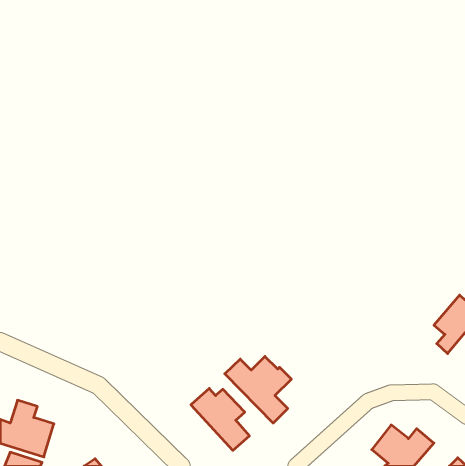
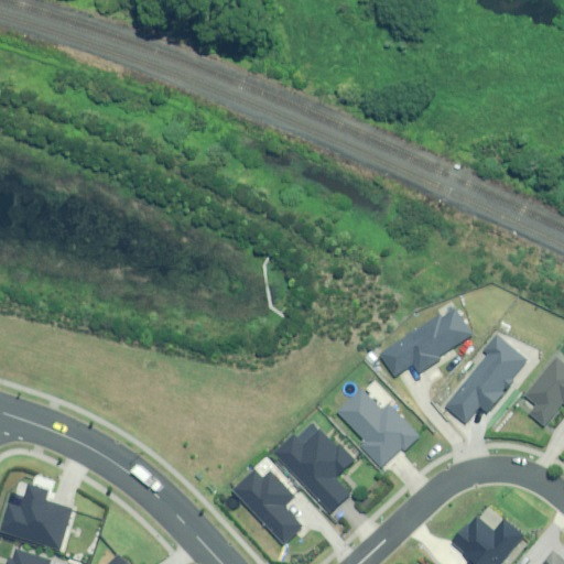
building: none -> [380,307,474,375]
building: none -> [448,334,528,419]
building: none -> [339,388,419,466]

